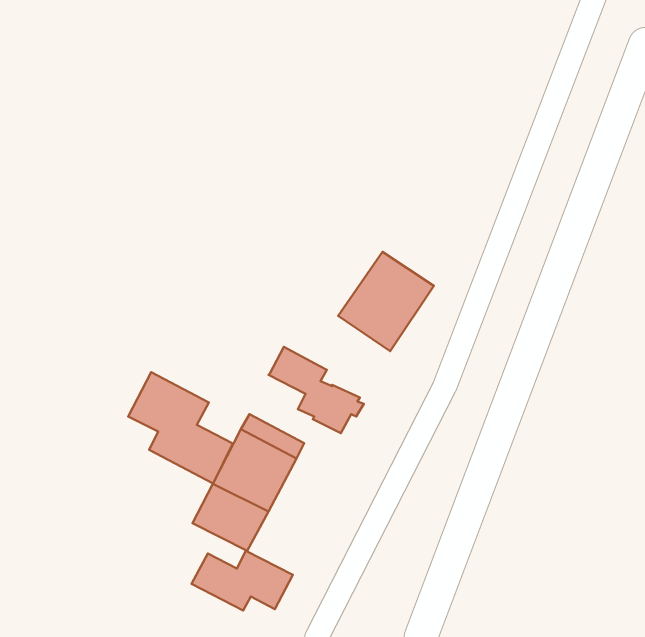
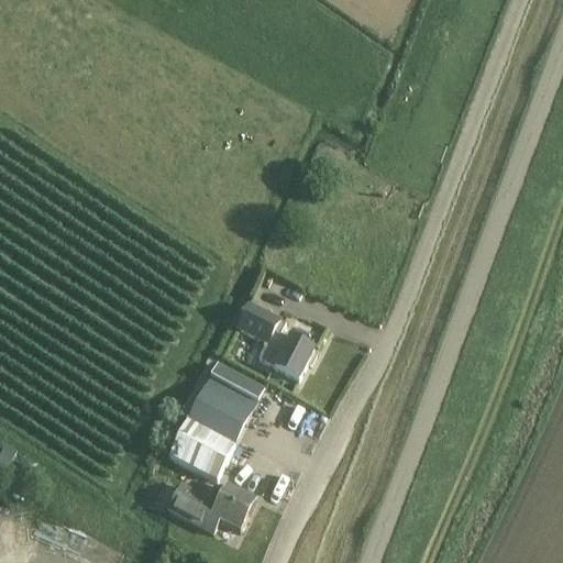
building: [338,252,434,351] -> none
building: [128,372,233,483] -> none

